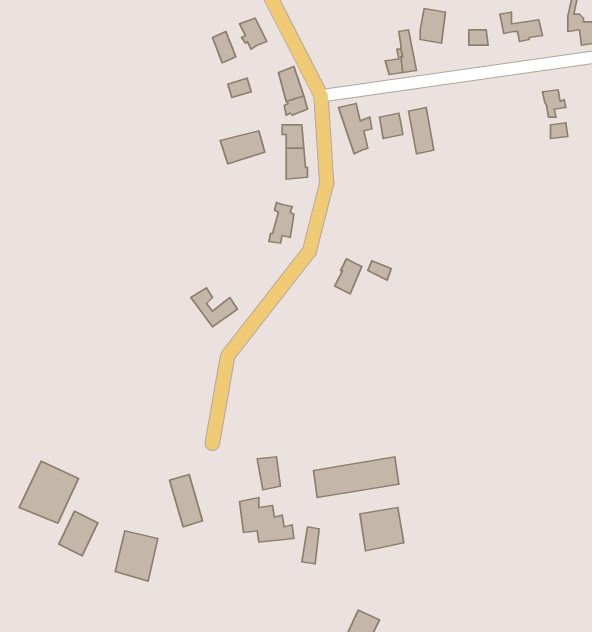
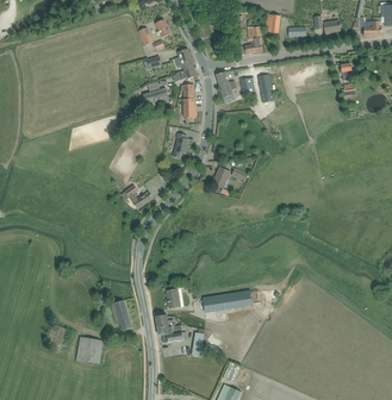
building: [19,461,79,523] -> none
building: [360,507,404,551] -> none

